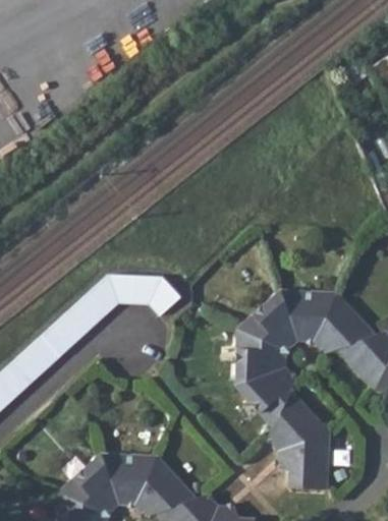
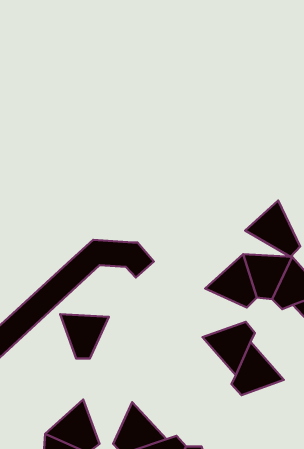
building: none -> [245,201,300,257]
building: [235,329,285,384] -> none
building: [278,431,327,487] -> none
building: [101,454,156,504] -> [60,314,109,358]

